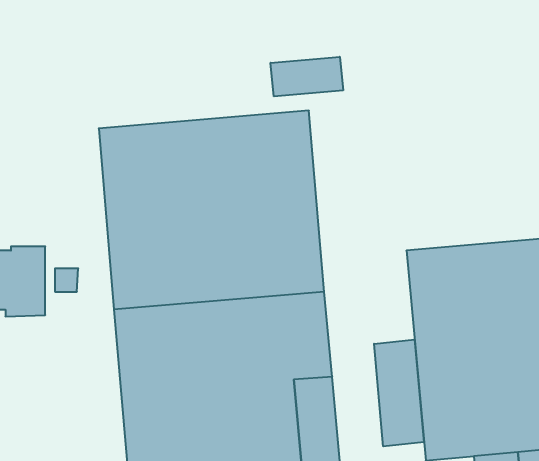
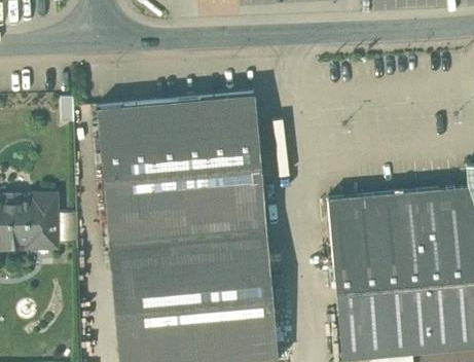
building: [271,57,343,96] -> none
building: [374,339,424,446] -> none

